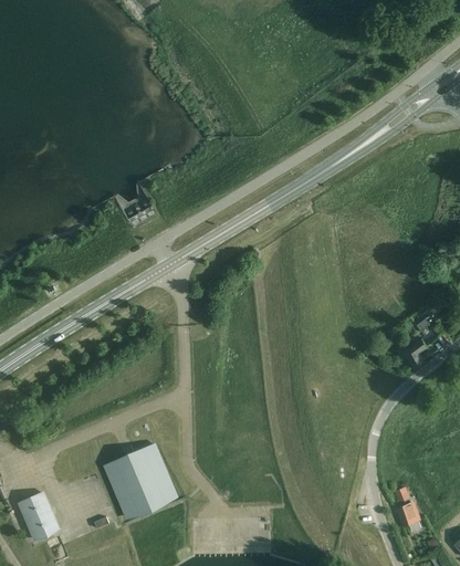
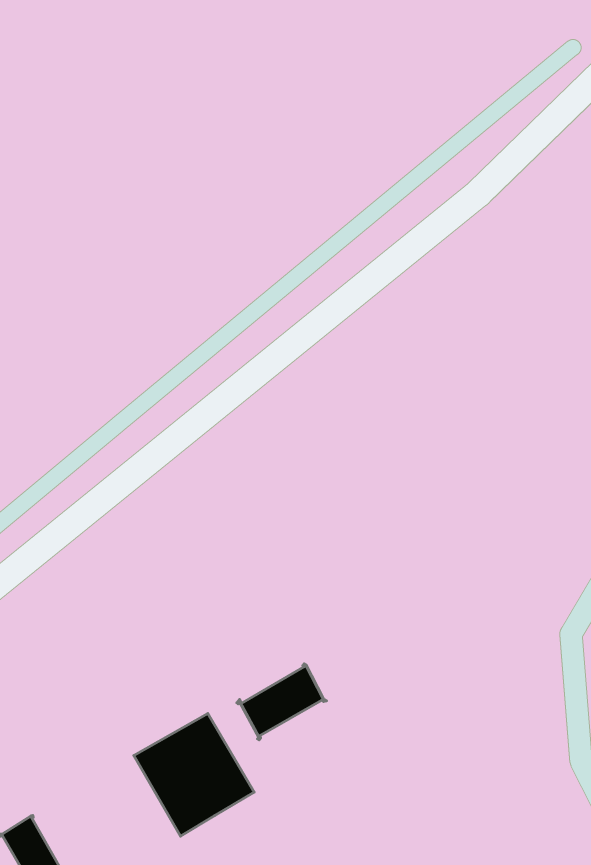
building: none -> [237,664,327,740]

